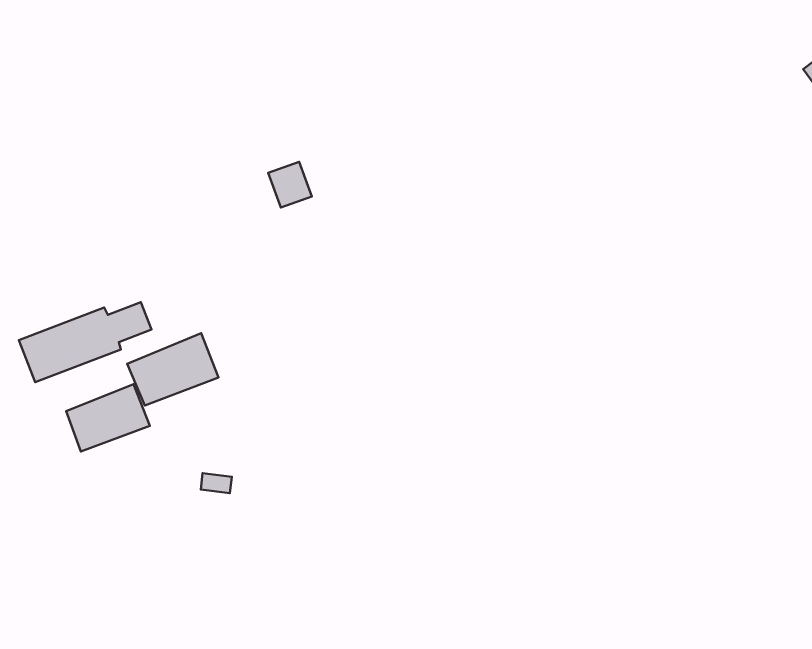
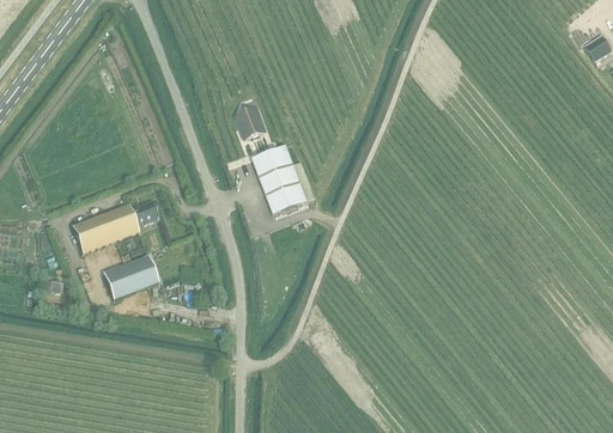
building: none -> [251,145,306,214]
building: [127,333,219,405] -> none

